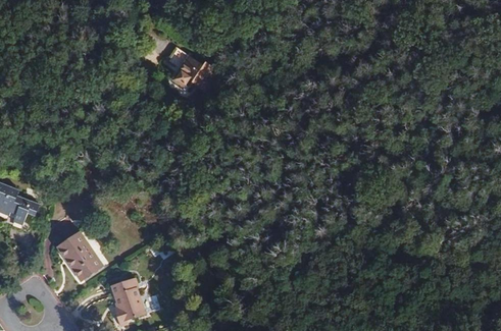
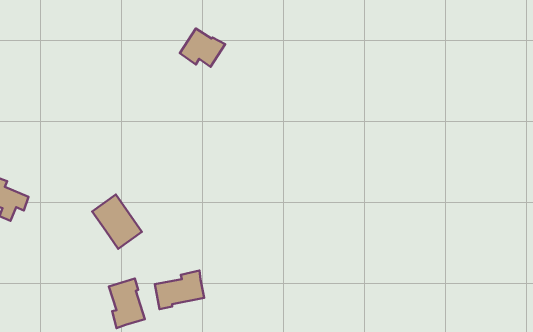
building: [57,231,102,280] -> [92,194,142,249]
building: none -> [155,270,204,309]

